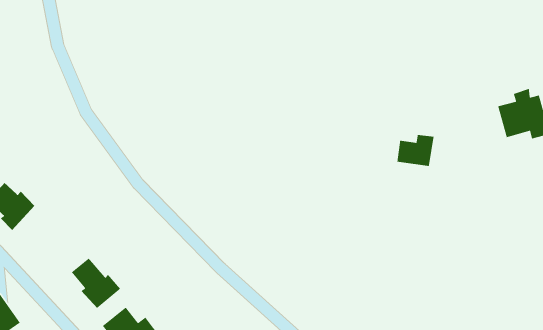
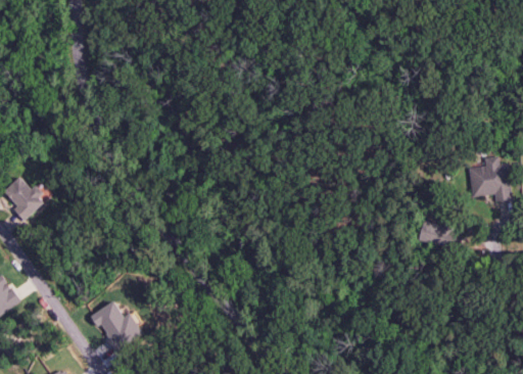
building: [397,134,435,167] -> [419,218,456,248]
building: [71,257,121,309] -> none

